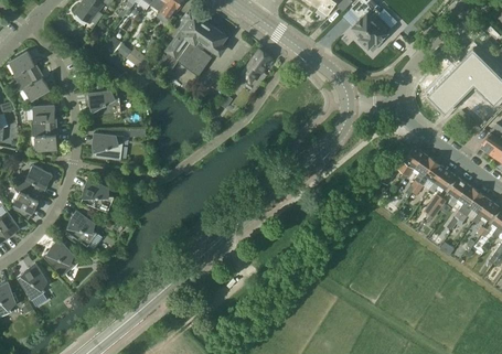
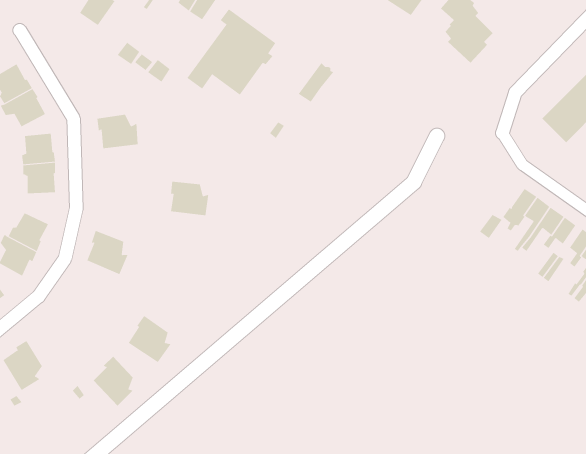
building: [93,133,122,160] -> [170,181,209,216]
building: [64,211,97,247] -> [128,315,171,363]
building: [43,238,74,277] -> [93,356,133,406]

